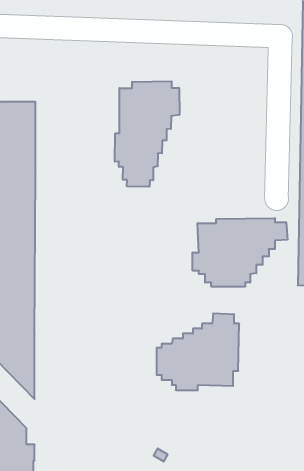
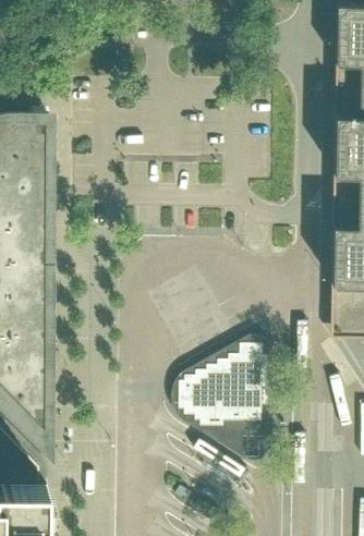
building: [115,81,179,187] -> none
building: [193,218,287,287] -> none

